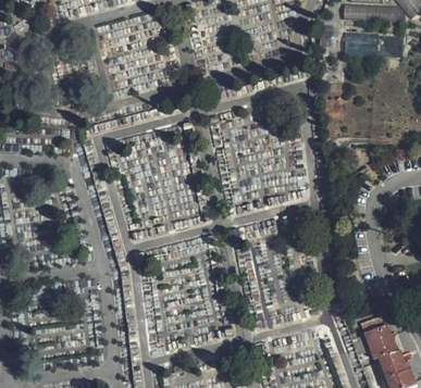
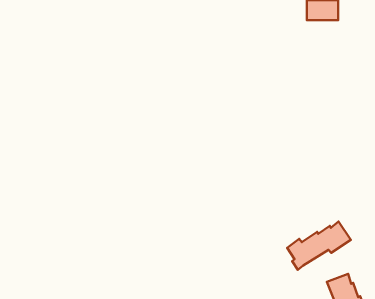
building: none -> [287,222,351,270]

